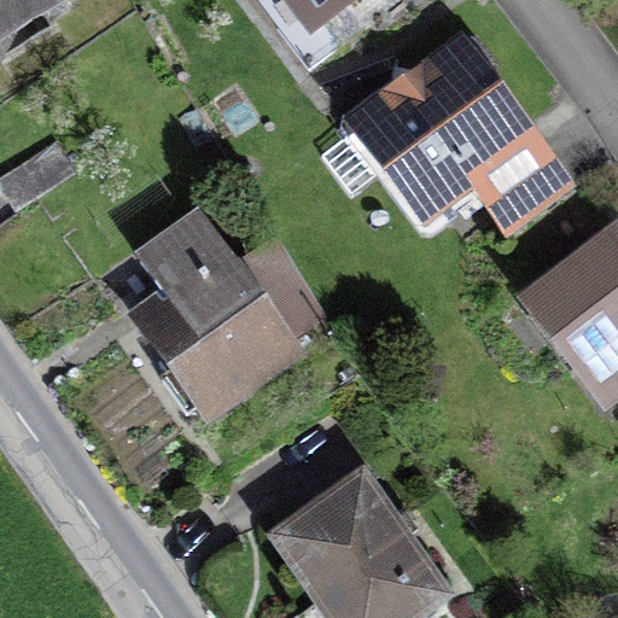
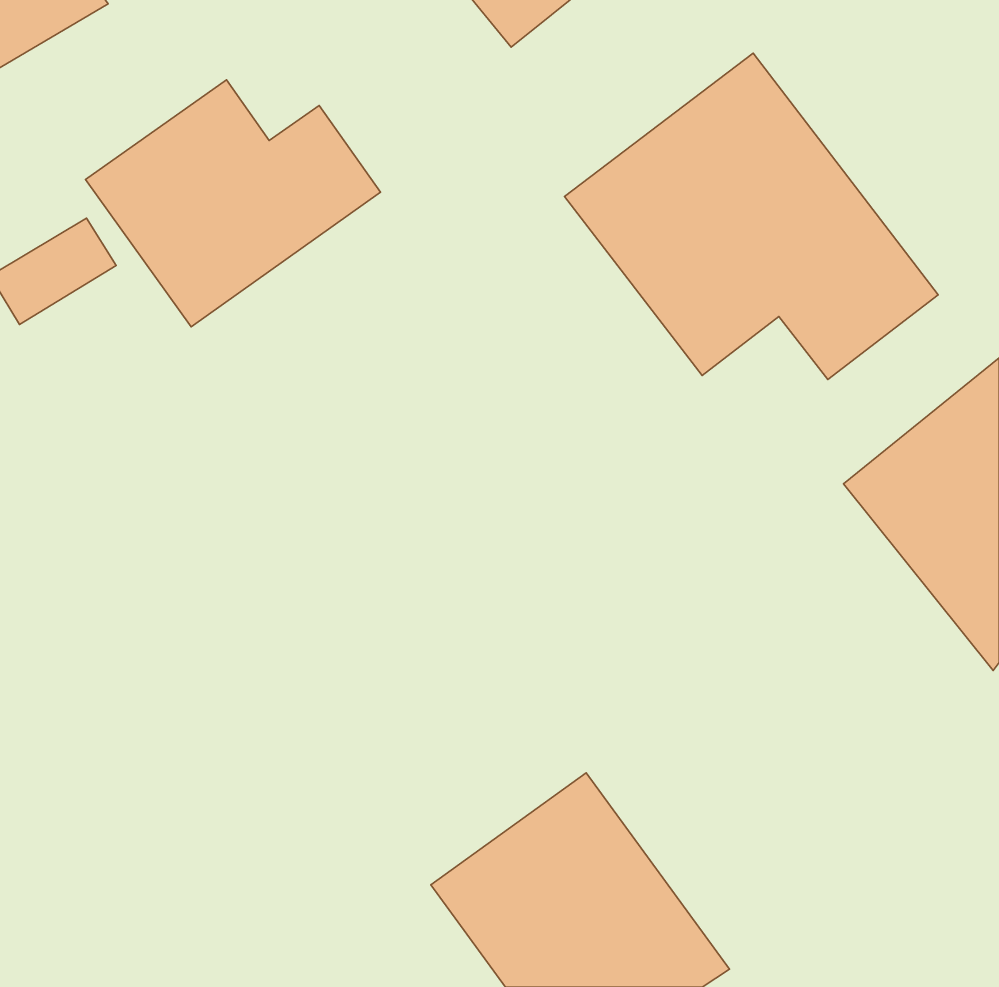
building: none -> [86,80,381,327]
building: [135,205,303,415] -> none

